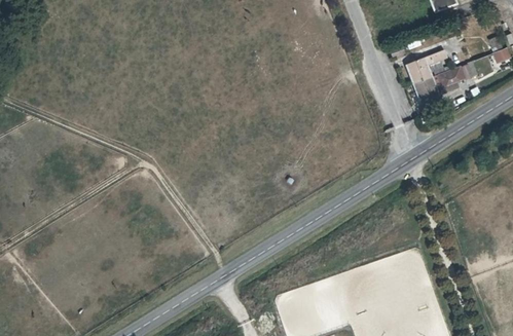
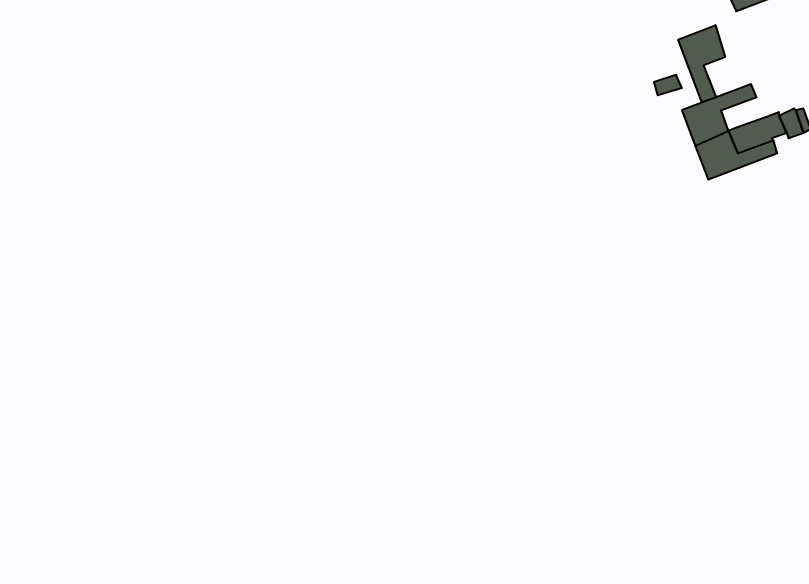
building: none -> [678,25,725,102]

